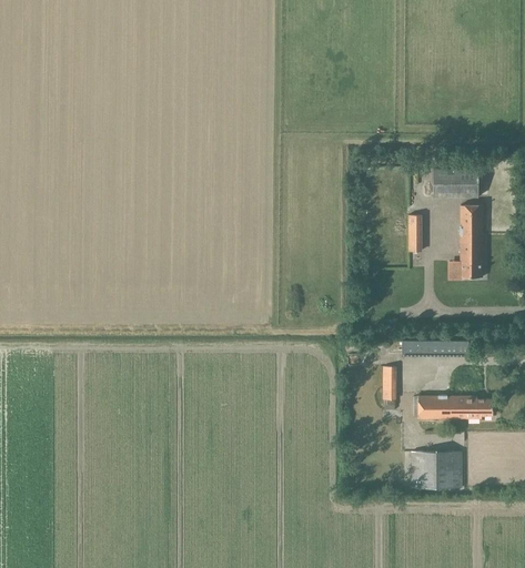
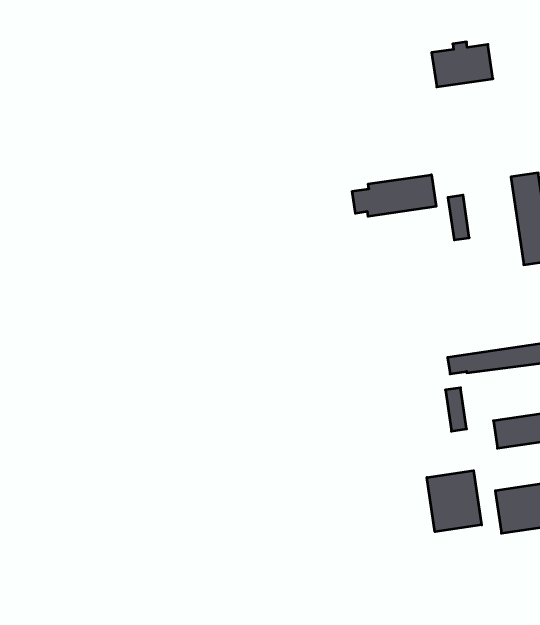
building: [433,163,478,195] -> [432,42,493,87]
building: none -> [352,175,436,216]
building: none -> [427,471,482,532]

